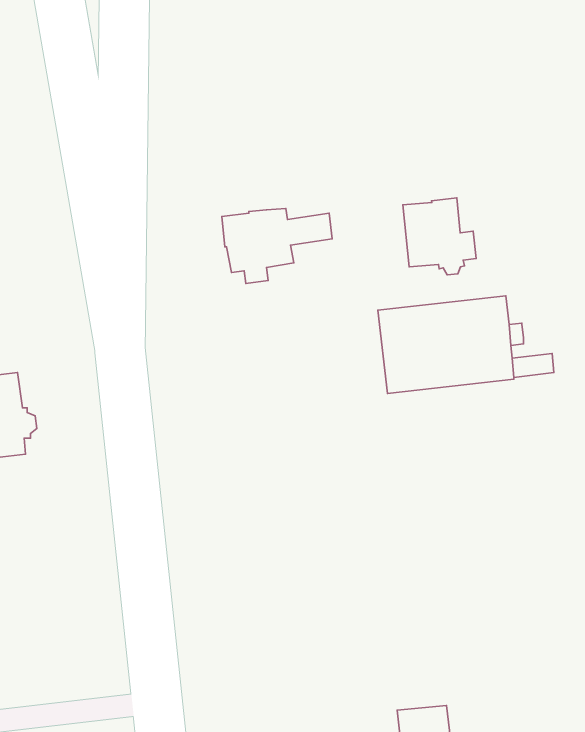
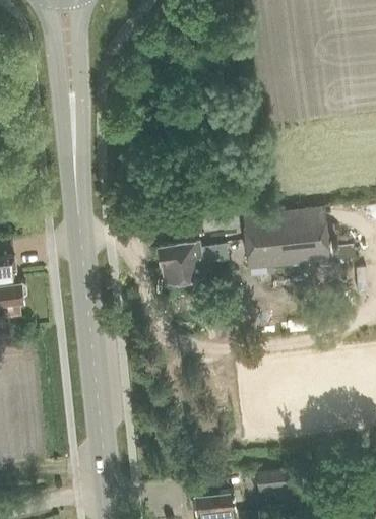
building: [403,198,476,275] -> none
building: [222,208,332,284] -> [158,243,228,290]

